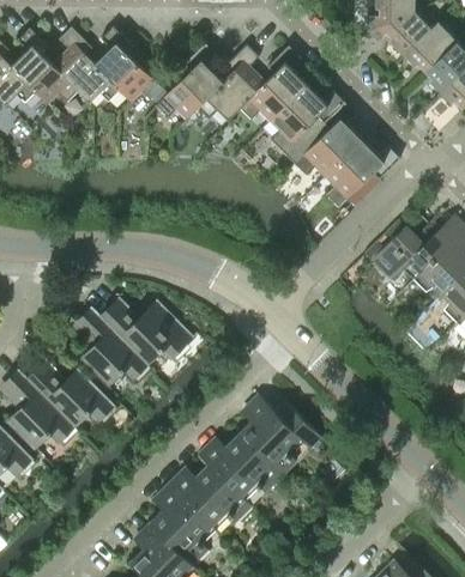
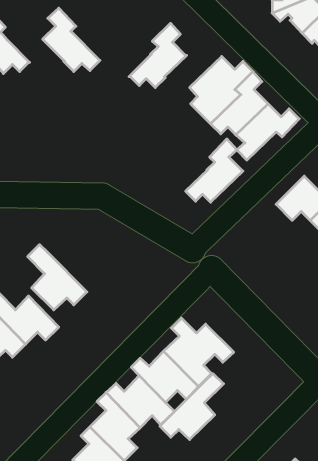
building: [52,28,120,103] -> none
building: [155,43,223,120] -> none
building: [238,45,307,121] -> [186,139,243,202]
building: [99,302,192,364] -> none
building: none -> [160,374,224,440]

